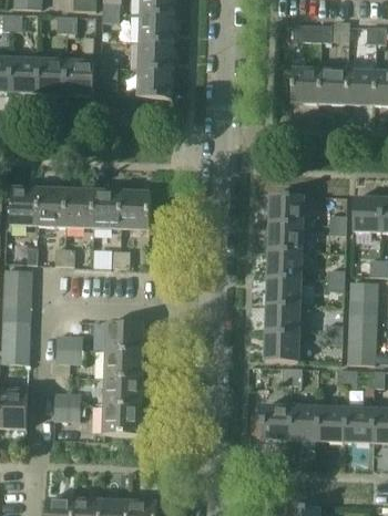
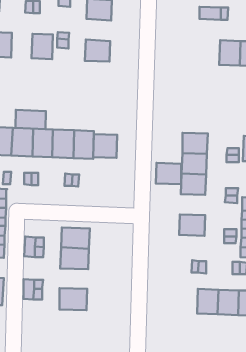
building: [139,40,173,70] -> none
building: [38,59,67,93] -> none
building: [290,68,320,102] -> none
building: none -> [15,110,46,129]
building: none -> [93,134,117,158]
building: [266,277,300,306] -> [156,163,181,184]
building: [264,332,299,361] -> none
building: [103,378,142,405] -> none
building: [262,404,290,438] -> none

